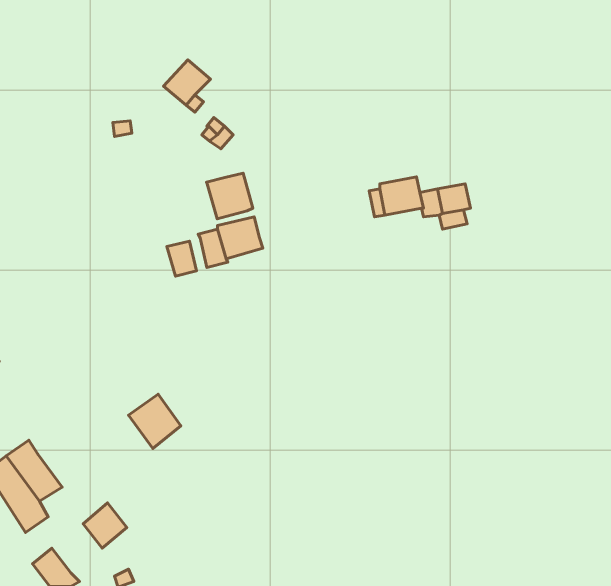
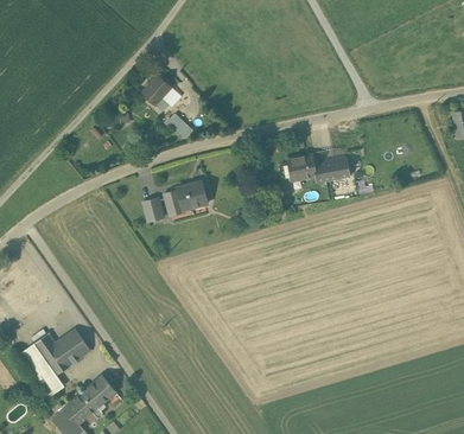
building: [206,173,253,219] -> none
building: [128,394,181,448] -> [56,328,91,365]
building: none -> [65,390,100,423]

